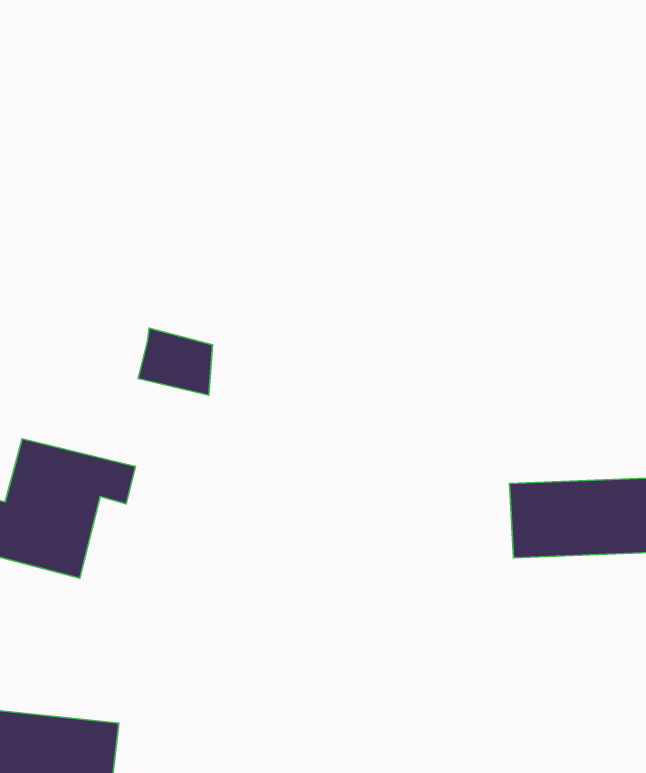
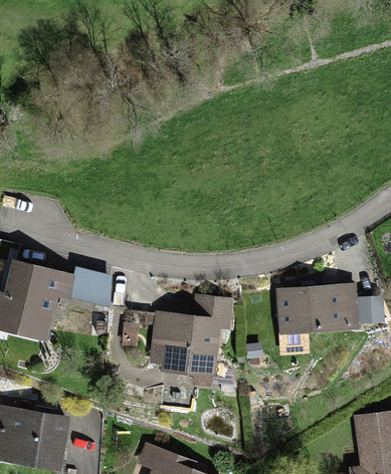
building: [138,328,213,395] -> [70,271,111,307]
building: none -> [151,302,228,369]

